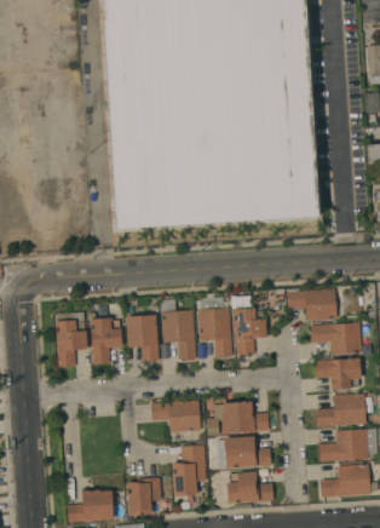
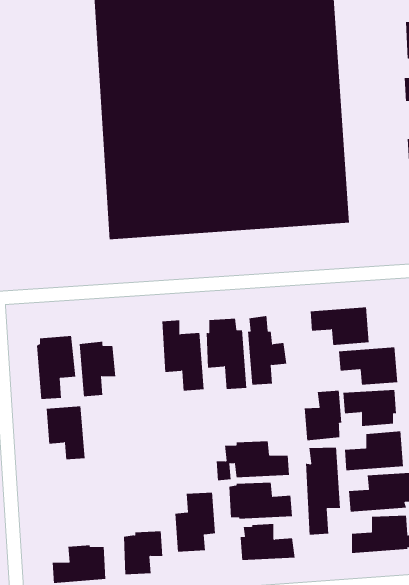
building: [125,315,159,361] -> [46,406,86,460]
building: none -> [304,390,342,441]
building: [150,400,200,432] -> none
building: none -> [305,447,340,535]

